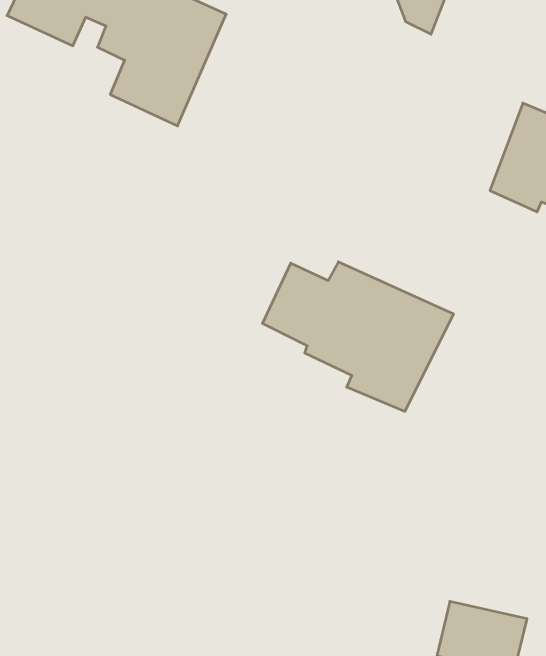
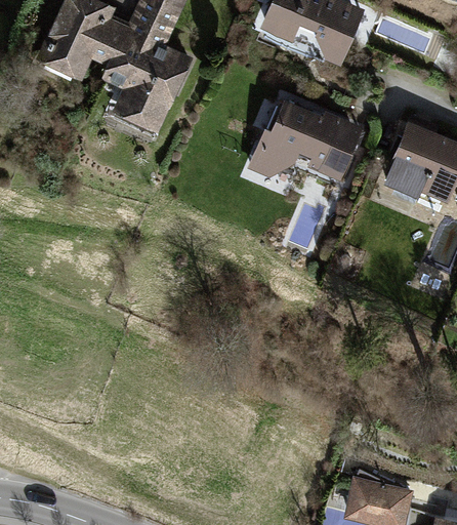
building: none -> [244,96,360,180]
building: [263,262,453,411] -> none

